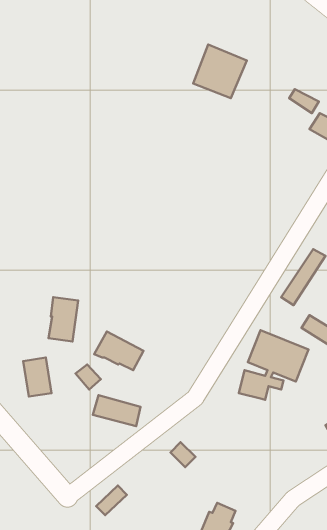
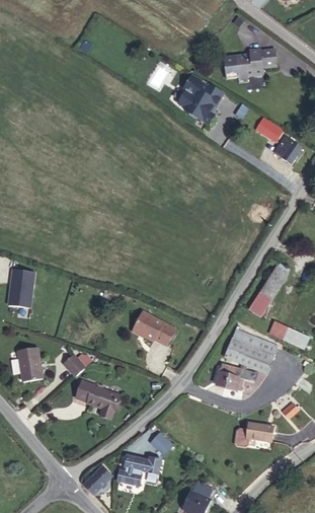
building: none -> [217,47,270,81]
building: [49,297,78,342] -> [6,269,32,308]
building: [94,331,143,370] -> [130,311,173,346]
building: none -> [233,423,271,446]
building: none -> [124,453,168,485]

